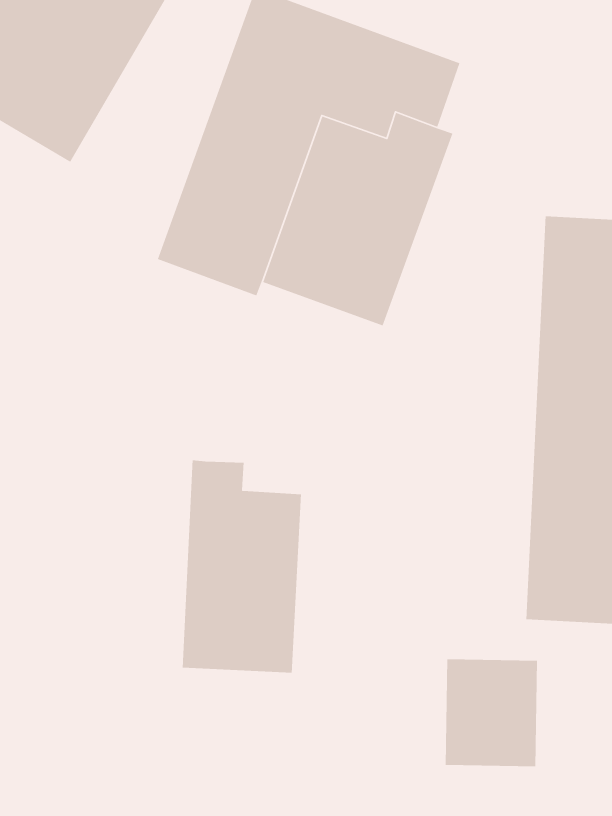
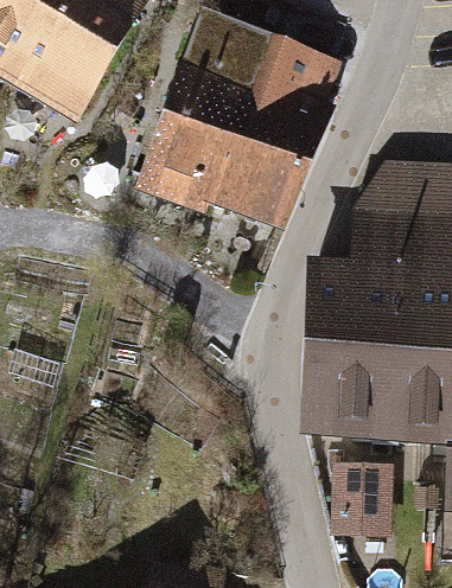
building: none -> [304,159,395,432]
building: [182,460,302,673] -> none

